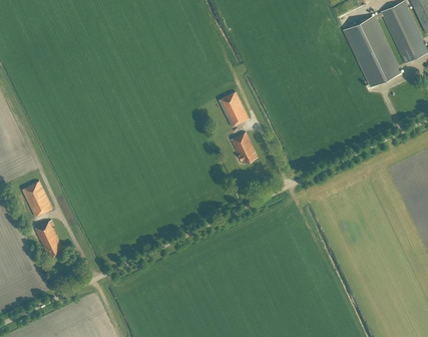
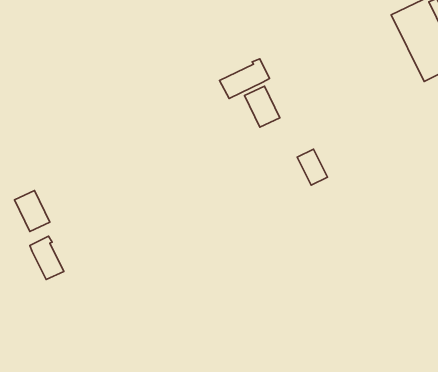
building: none -> [220,59,269,99]
building: [231,132,257,163] -> [297,149,328,185]

